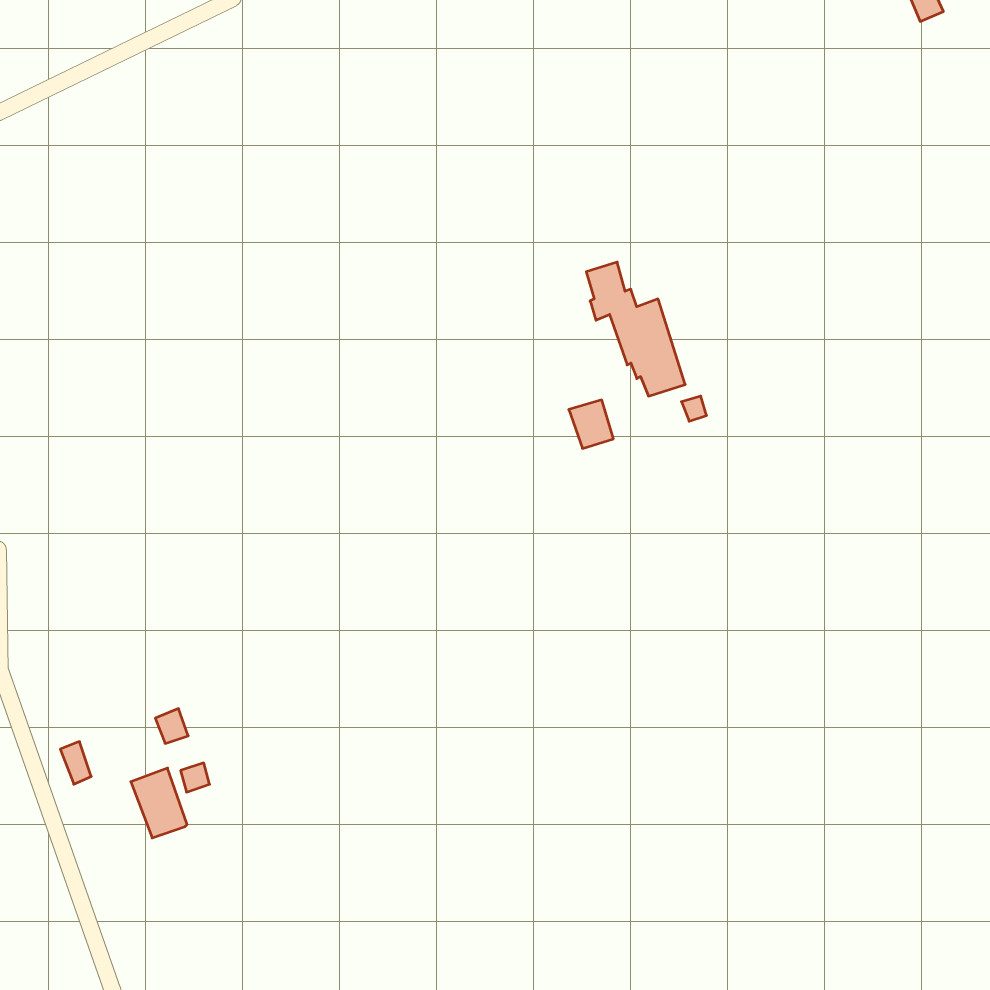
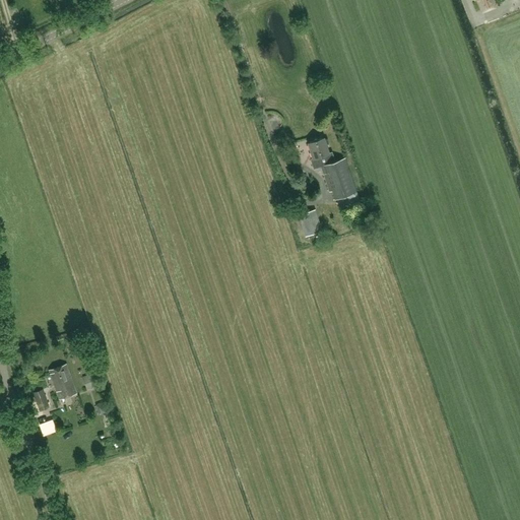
building: [131,768,187,838] -> [47,363,76,399]

